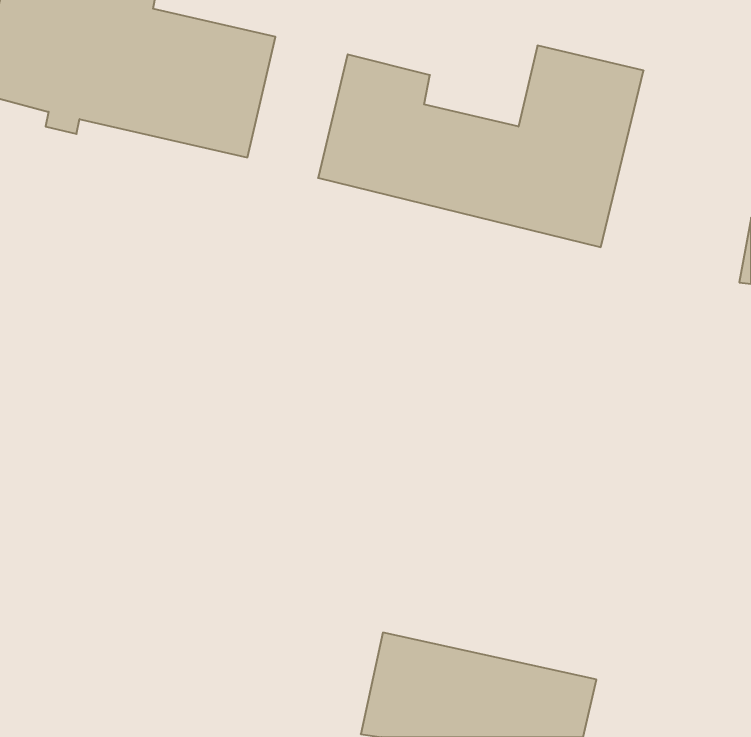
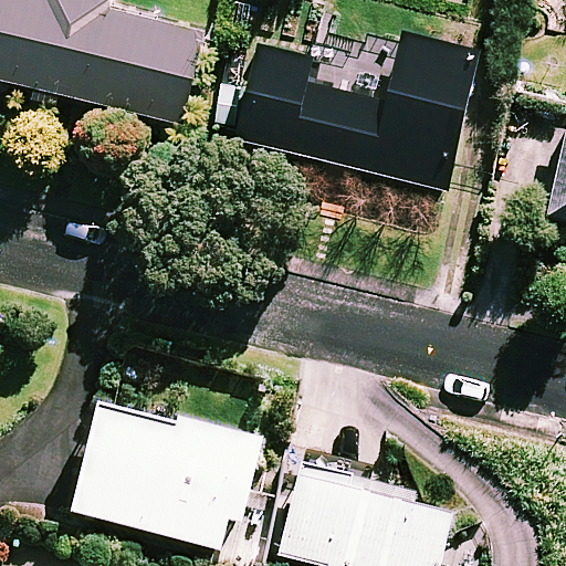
building: none -> [73,413,253,546]

